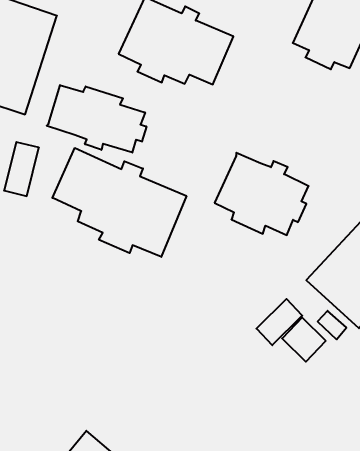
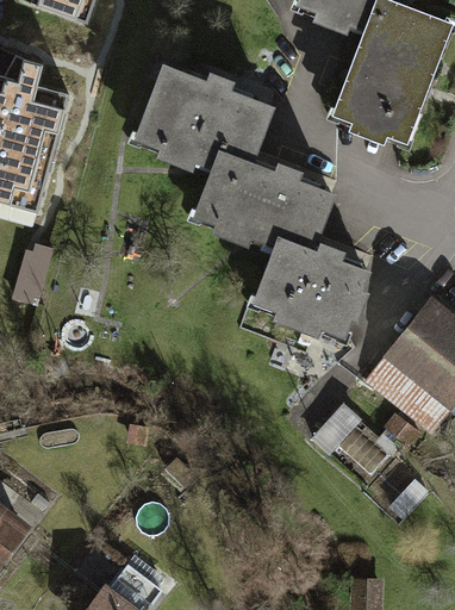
building: none -> [199,152,330,249]
building: [47,85,146,153] -> none
building: [52,148,186,257] -> none

